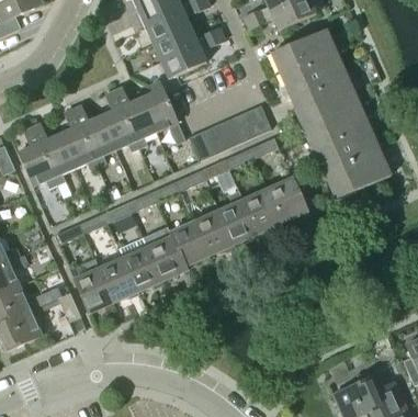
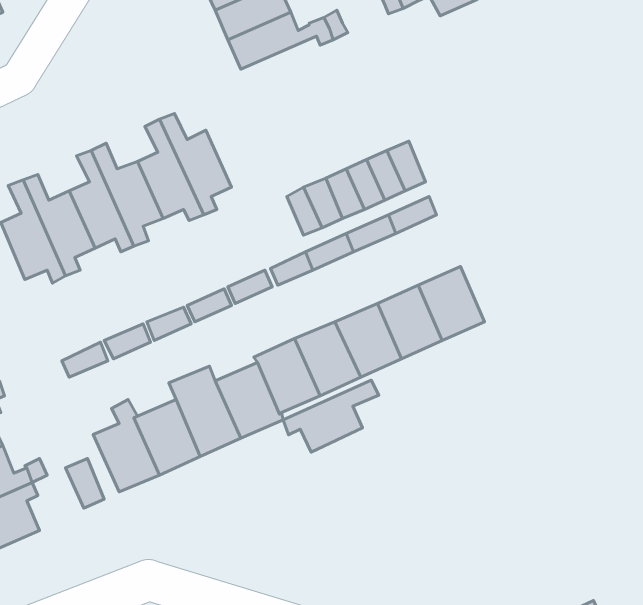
building: [271,30,391,200] -> none
building: [161,42,208,79] -> none
building: [140,81,185,144] -> none
building: none -> [283,380,379,452]

